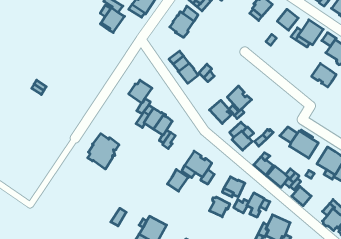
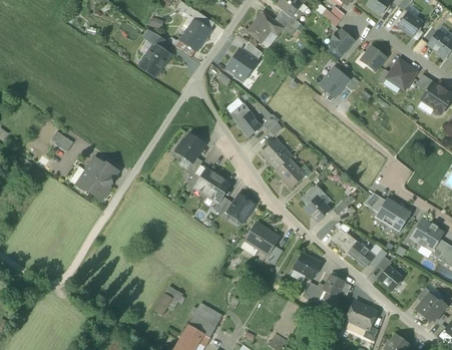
building: none -> [319,66,349,97]
building: [312,63,336,87] -> none
building: [227,86,252,111] -> [262,138,292,169]
building: [88,134,119,169] -> [79,156,118,201]
building: [167,169,188,191] -> [228,194,254,221]
building: [209,197,230,217] -> none

